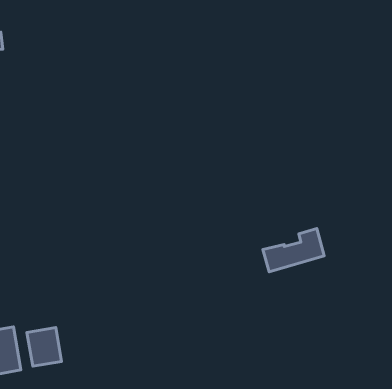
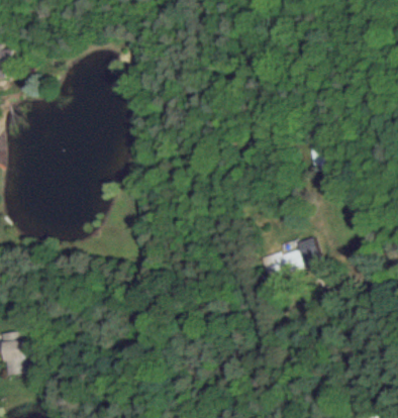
building: [27,328,62,366] -> none

